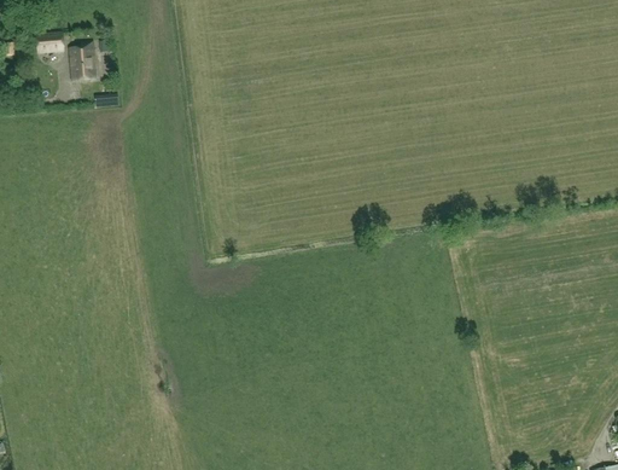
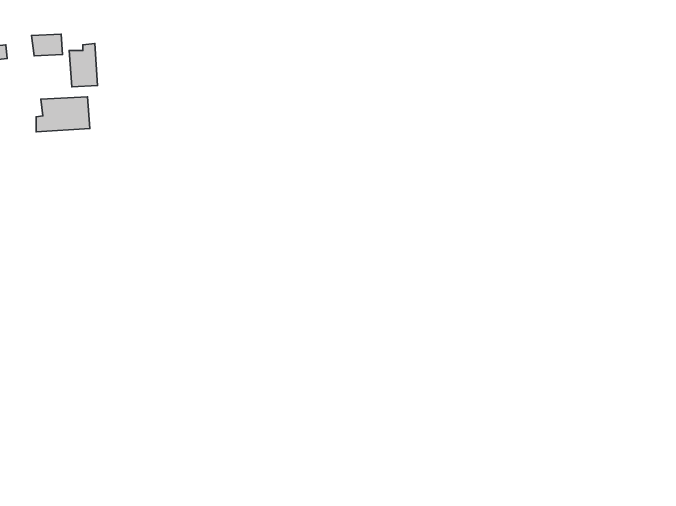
building: none -> [36,97,90,132]

